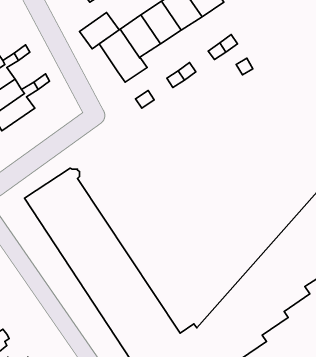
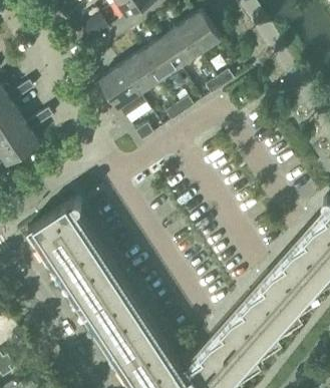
building: [80,13,119,49] -> none

